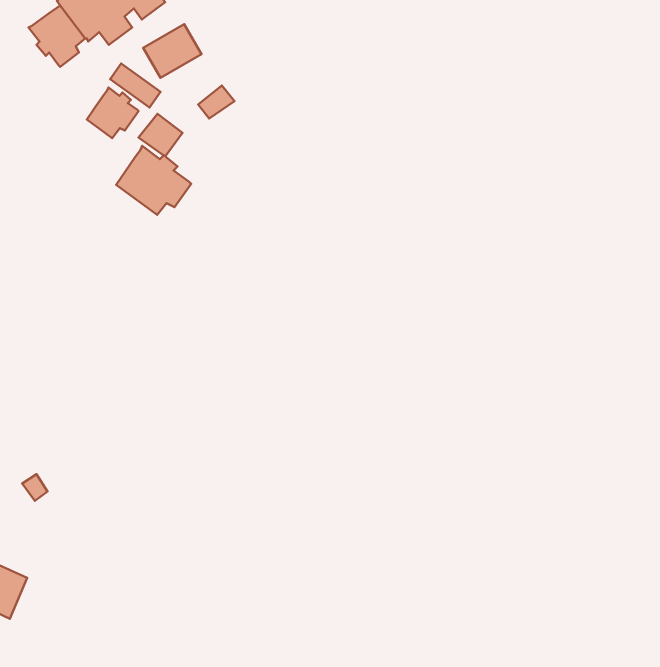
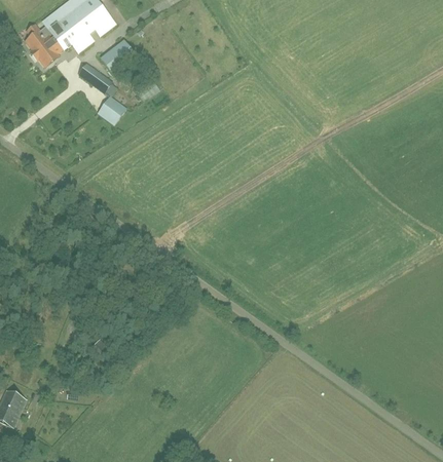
building: [87,88,139,138] -> none
building: [116,146,191,215] -> none

